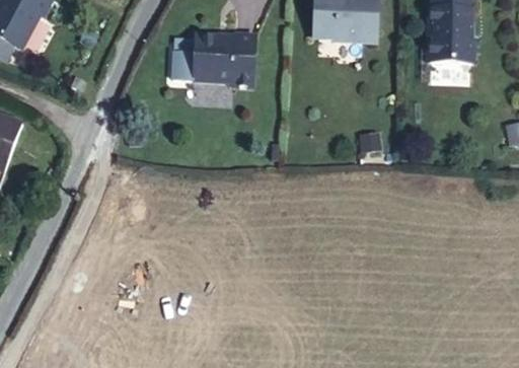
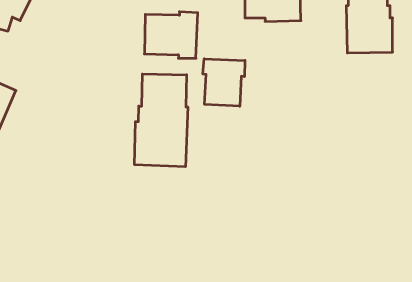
building: none -> [203,59,245,106]
building: none -> [135,74,188,167]

